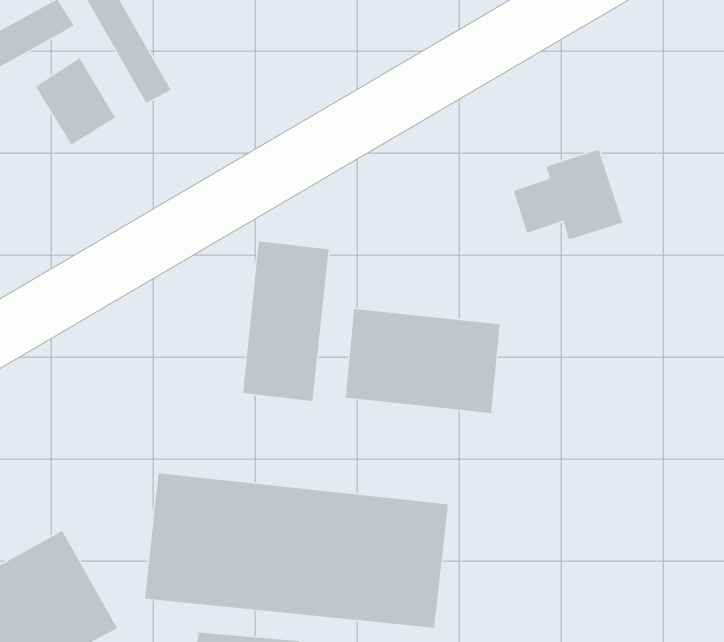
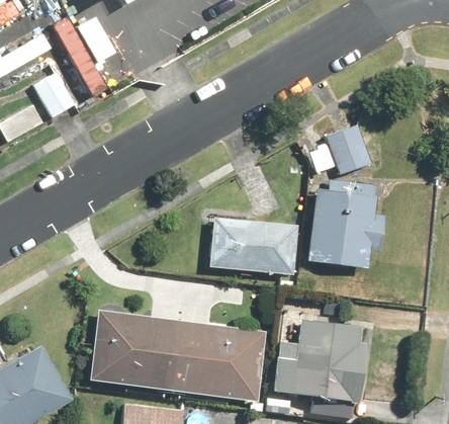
building: [242,241,329,402] -> none
building: none -> [304,180,387,267]
building: none -> [270,319,370,404]

